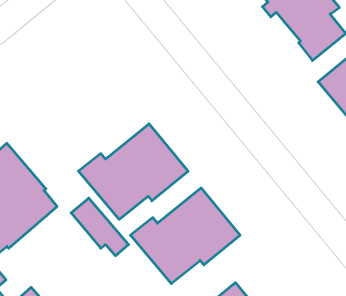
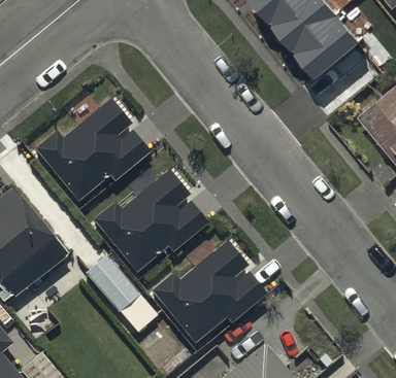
building: none -> [31,99,153,205]

